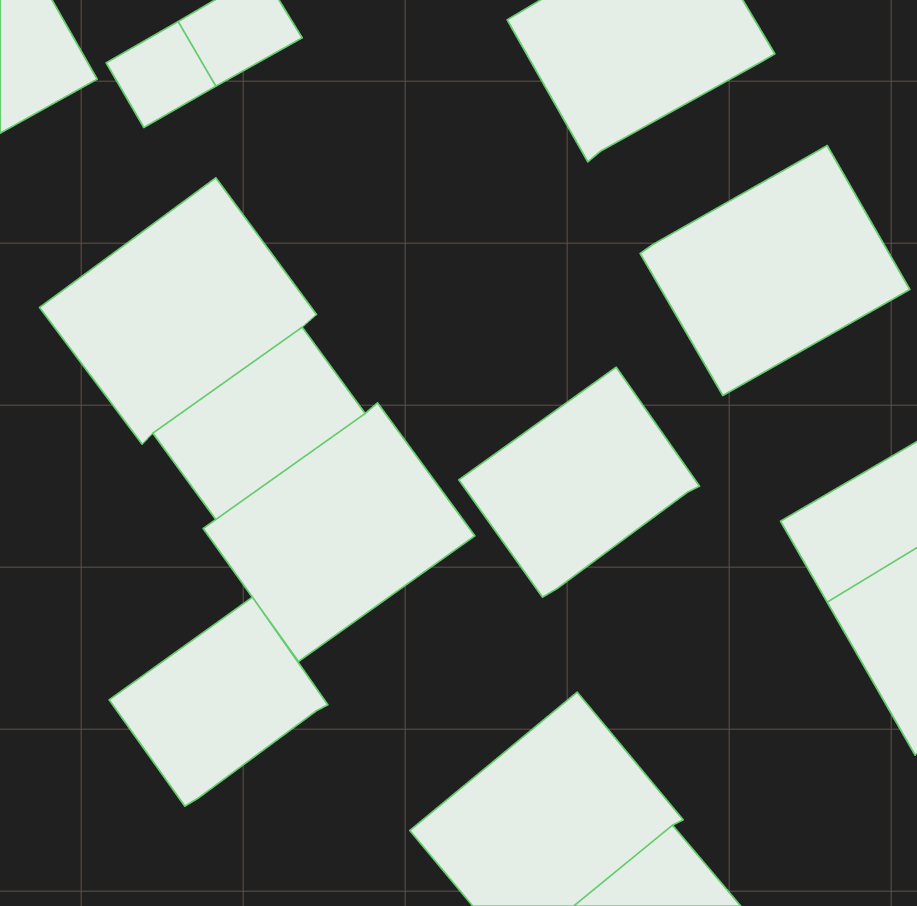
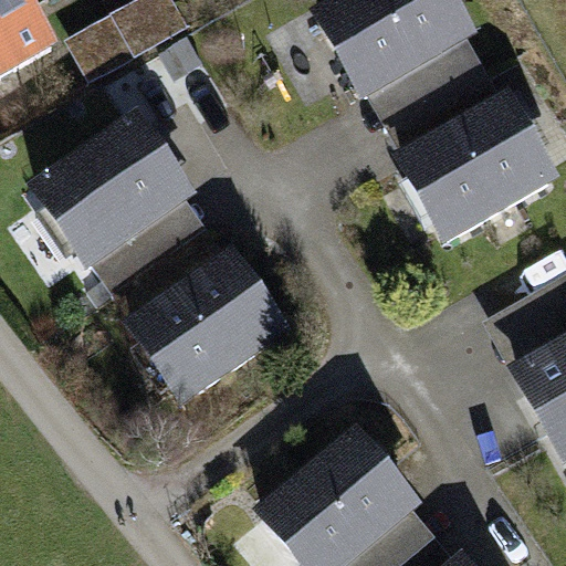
building: none -> [370,38,502,150]
building: [459,367,700,597] -> none
building: [109,597,328,806] -> none

